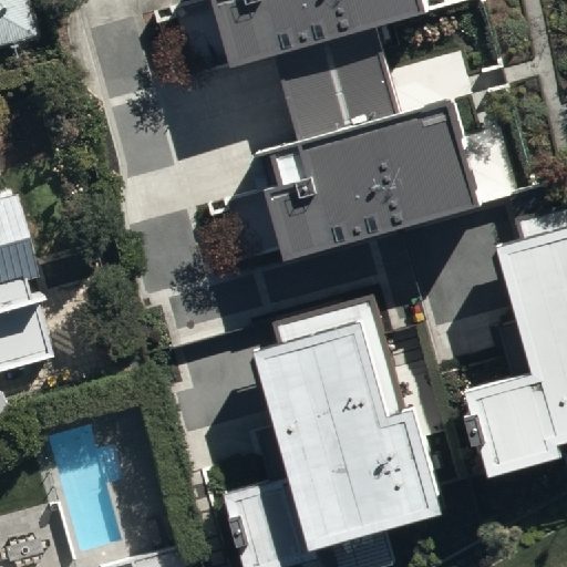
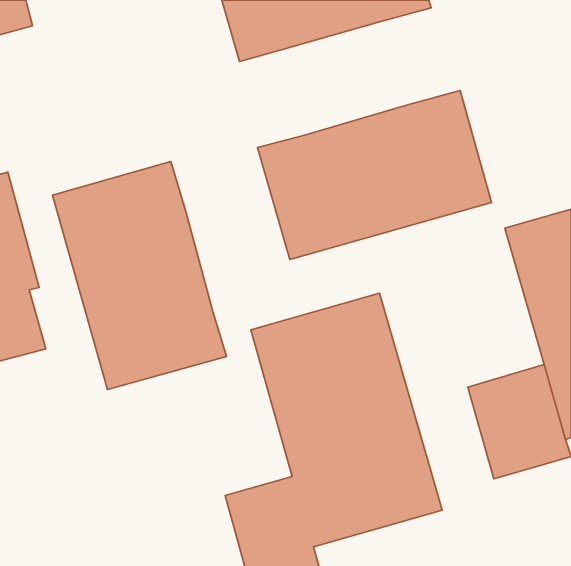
building: [276,27,402,140] -> none
building: none -> [52,161,226,390]

